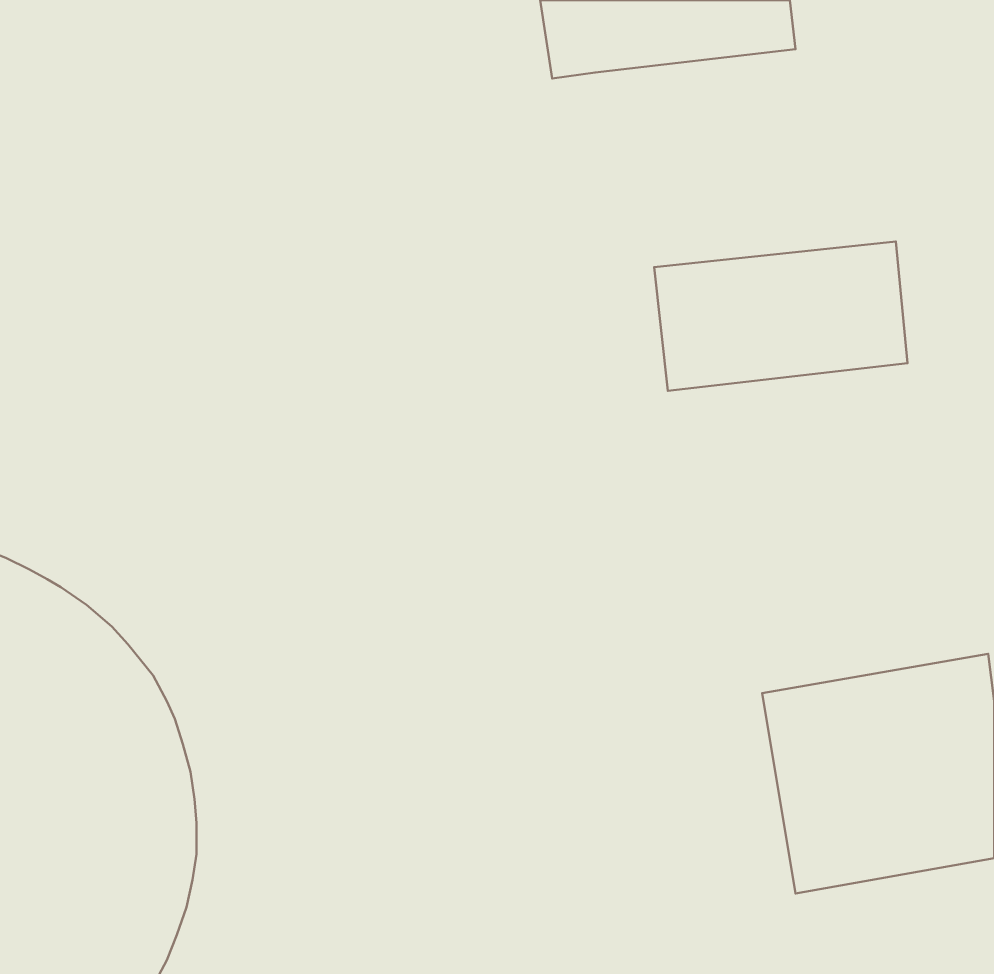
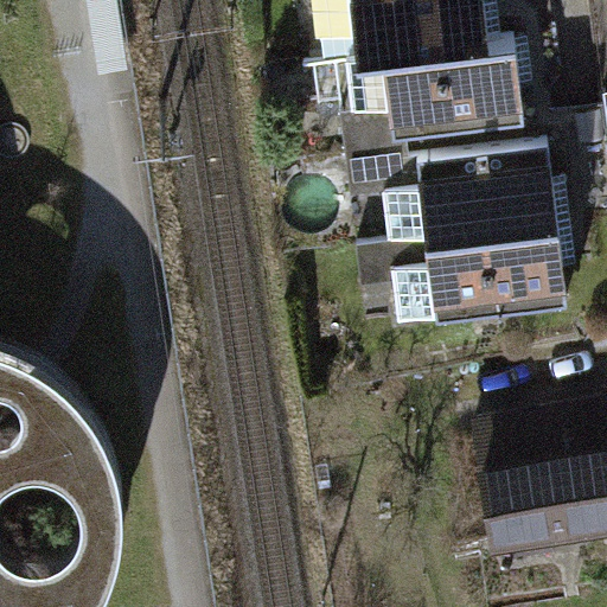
building: none -> [359,45,515,151]
building: none -> [403,237,556,327]

